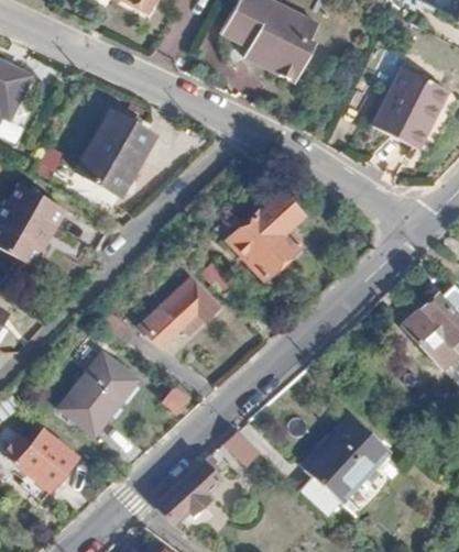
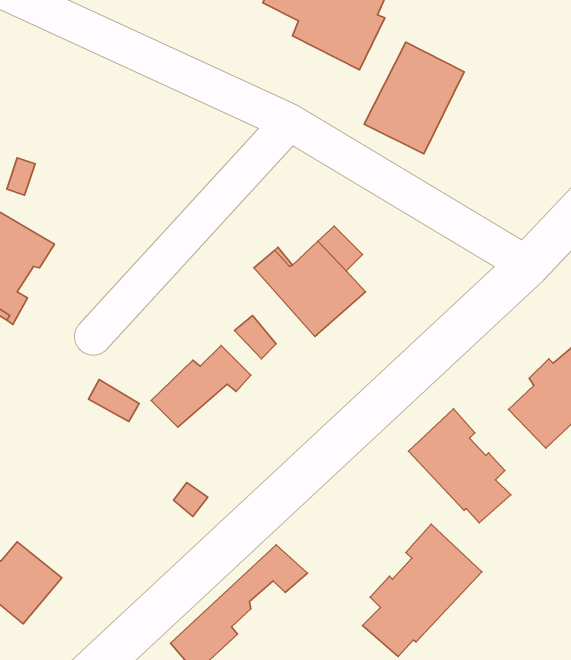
building: [374,65,448,147] -> [364,42,464,154]
building: [79,110,156,195] -> none
building: none -> [409,409,511,523]
building: [55,351,138,437] -> none

